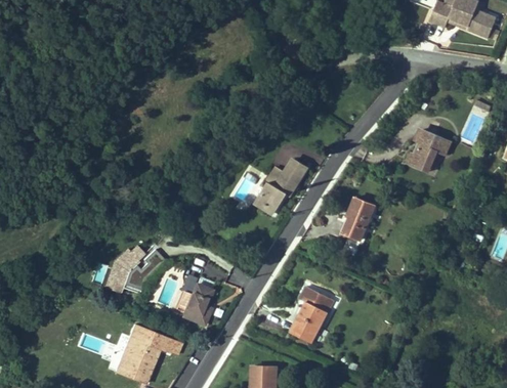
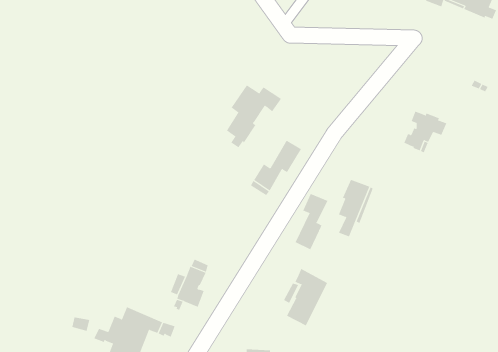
building: none -> [226,84,282,148]
building: none -> [295,193,328,250]
building: [103,242,163,292] -> none

